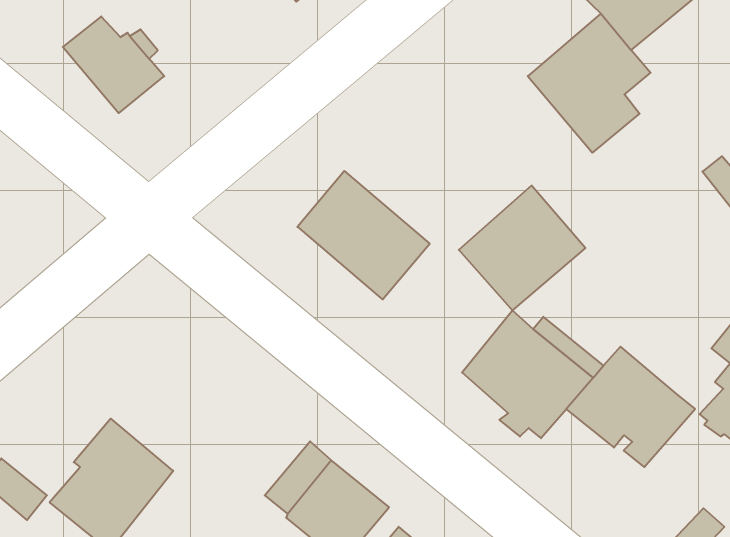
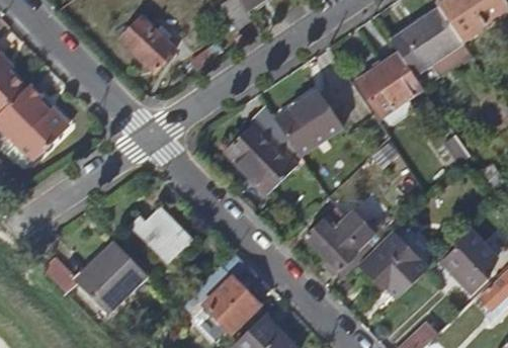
building: [459,186,585,311] -> [276,88,344,154]
building: none -> [132,205,192,261]

